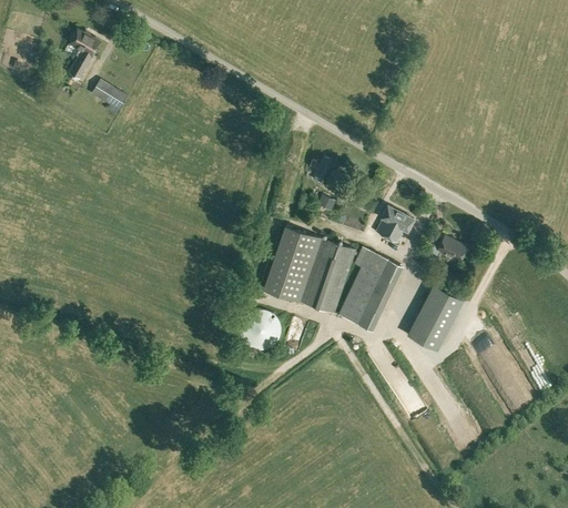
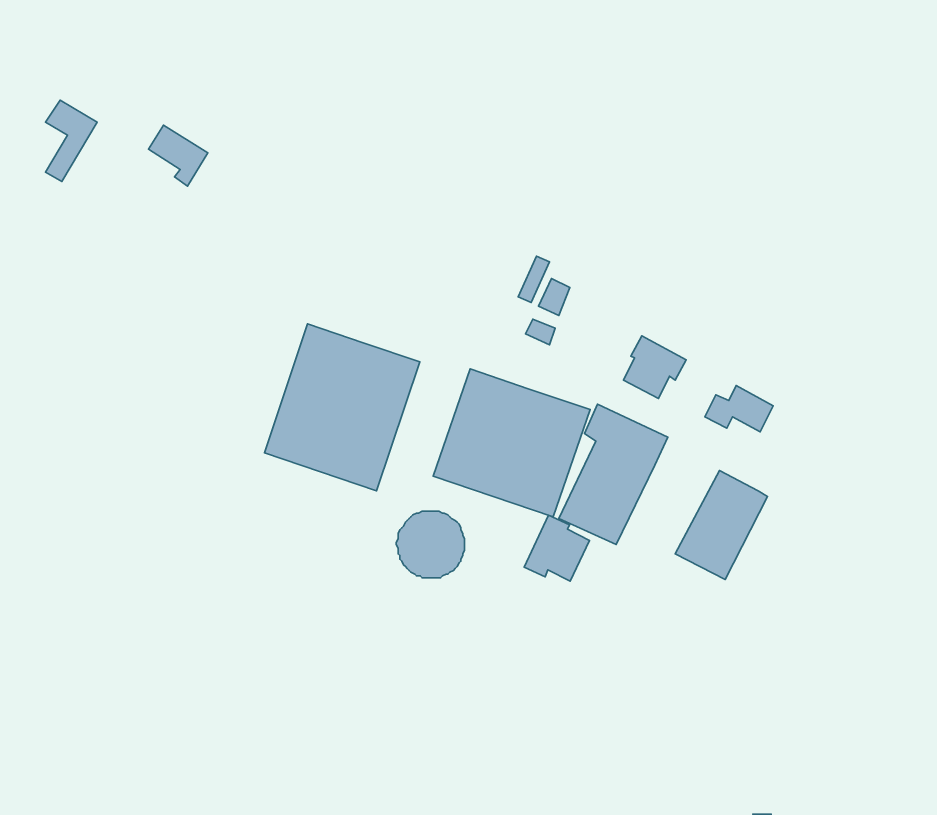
building: [69,29,100,78] -> [45,100,97,181]
building: none -> [264,324,420,491]
building: none -> [524,515,590,581]

